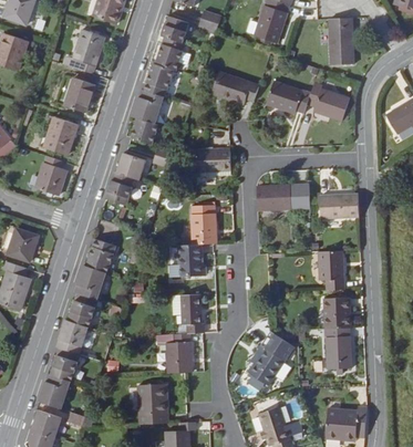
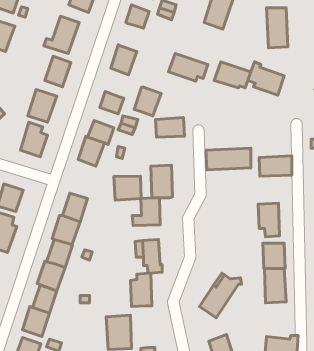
building: [154,37,185,71] -> none
building: [132,90,164,124] -> [134,87,161,116]
building: none -> [114,176,141,200]

